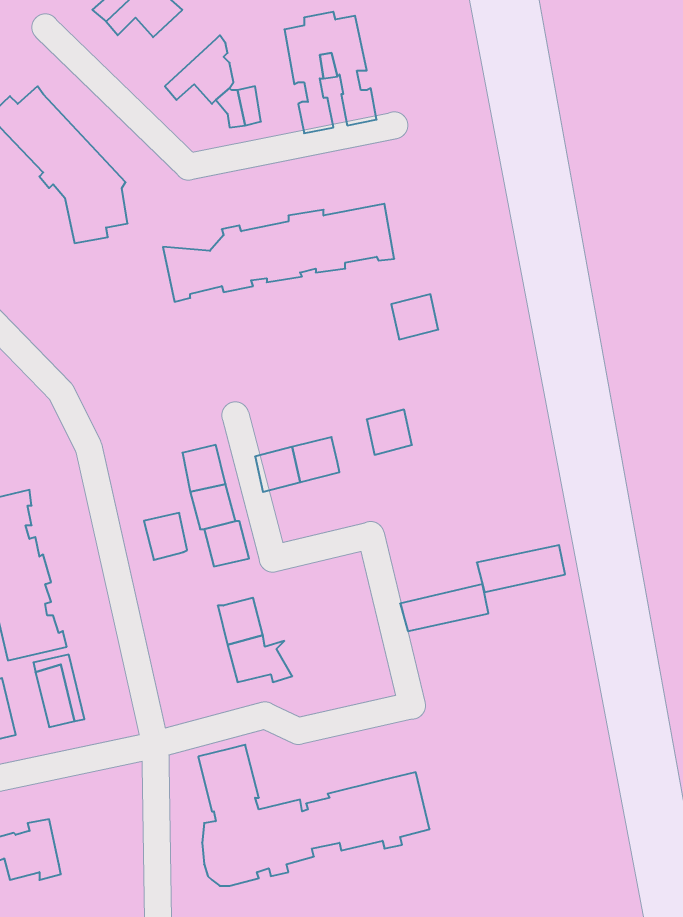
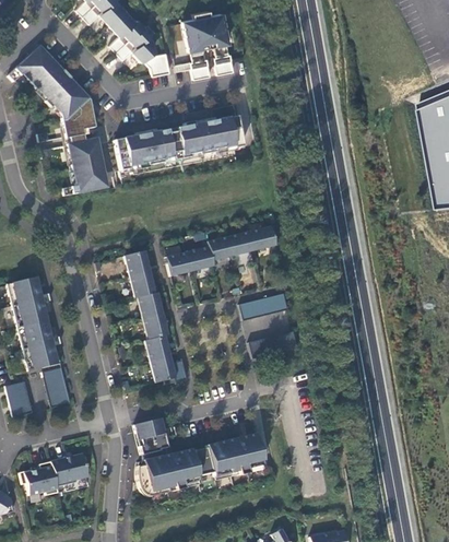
building: none -> [110,8,145,50]
building: none -> [63,140,107,196]
building: [391,294,438,339] -> [250,225,276,250]
building: none -> [208,236,234,260]
building: [144,513,187,560] -> [144,314,168,340]
building: [477,545,565,592] -> [238,290,287,316]
building: none -> [52,451,90,484]

